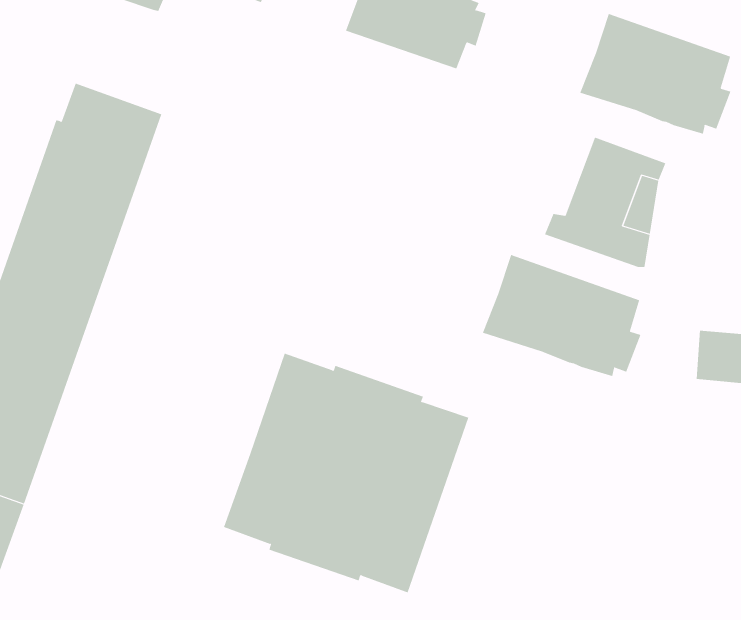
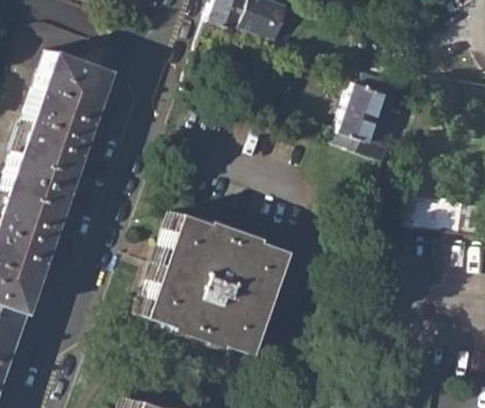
building: [580,13,731,135] -> none
building: [482,254,641,377] -> none

